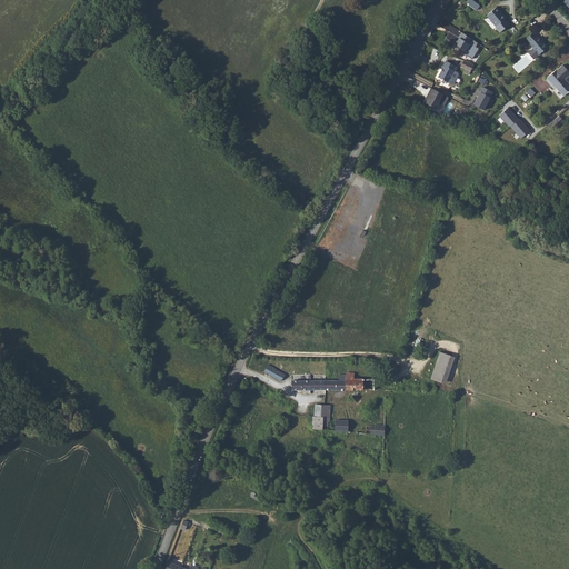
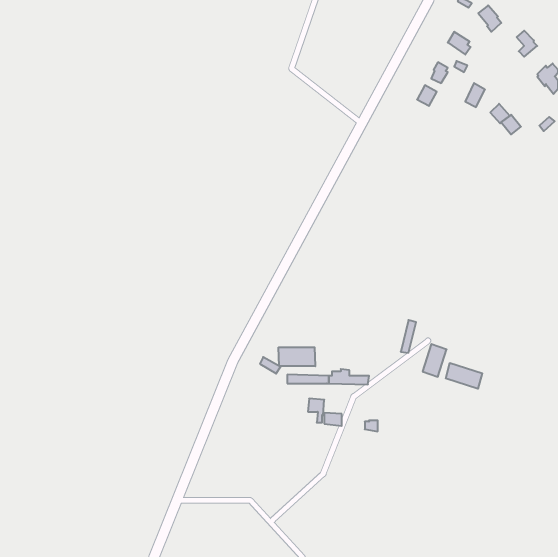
building: none -> [279,347,315,366]
building: none -> [446,363,482,389]

